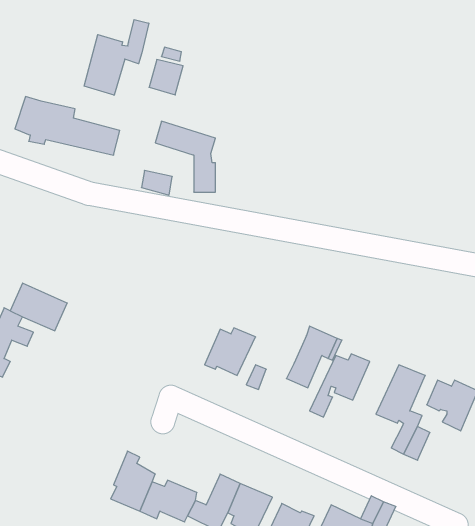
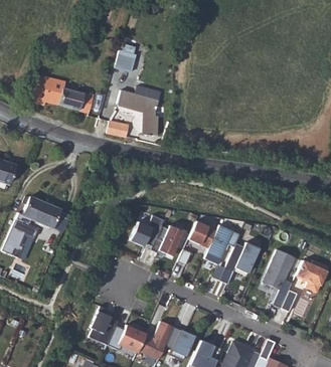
building: [84,20,149,95] -> none
building: none -> [130,215,164,246]
building: none -> [188,221,217,248]

